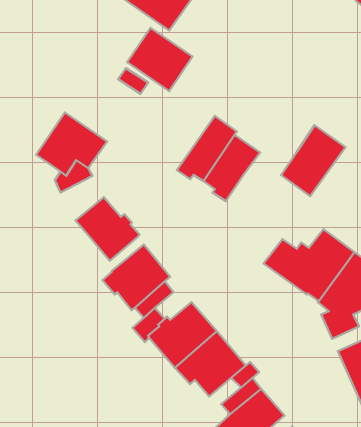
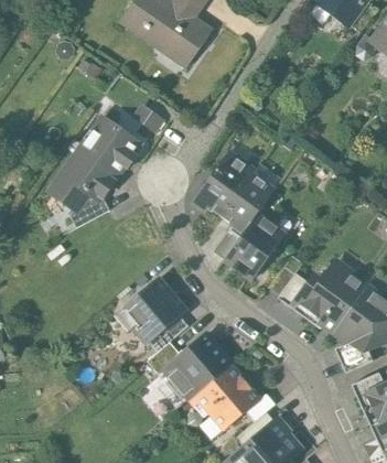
building: [127,28,193,91] -> [80,112,146,175]
building: [281,125,346,196] -> [225,208,289,279]
building: [76,197,140,261] -> none

